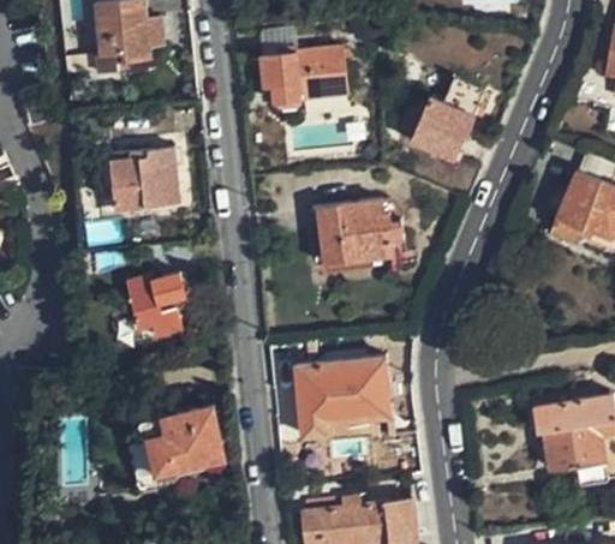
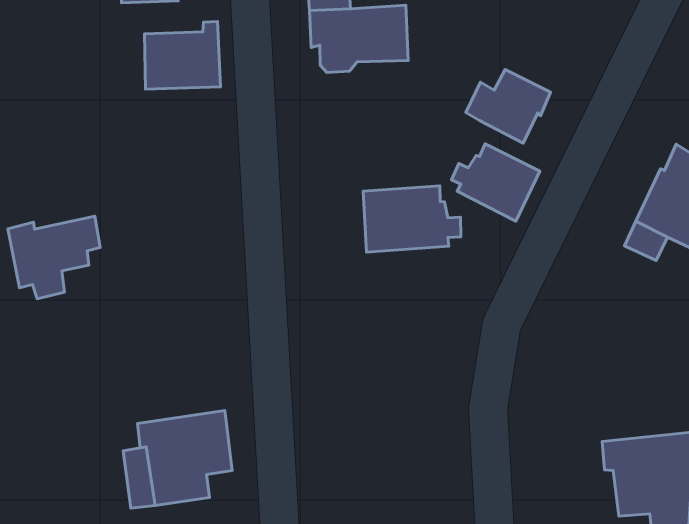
building: [113,149,180,210] -> [145,22,221,89]
building: none -> [452,144,540,221]
building: [129,265,208,339] -> [8,216,100,299]
building: [299,358,390,440] -> none

